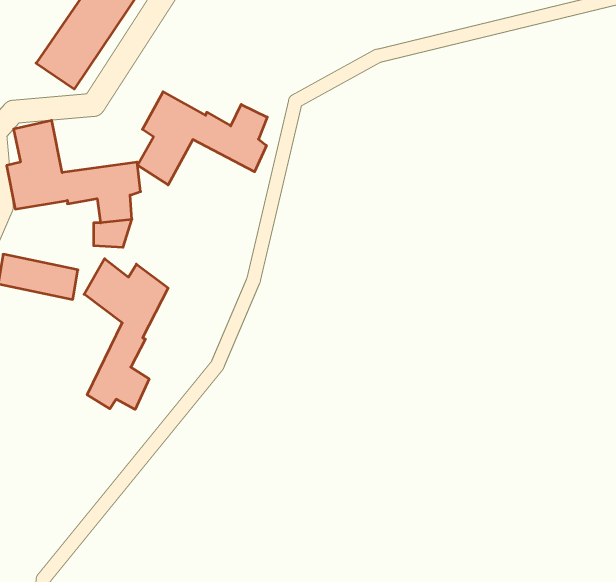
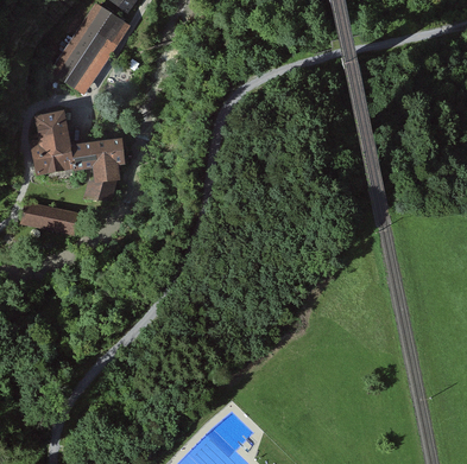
building: [137,92,267,185] -> none
building: [84,259,168,409] -> none

